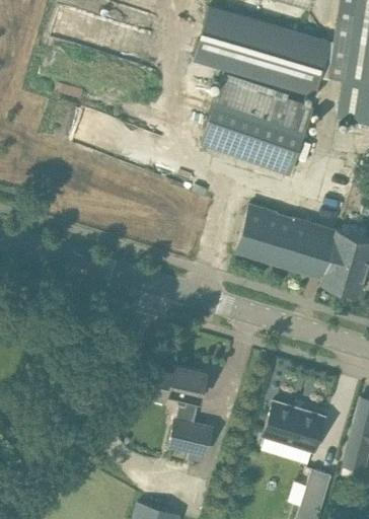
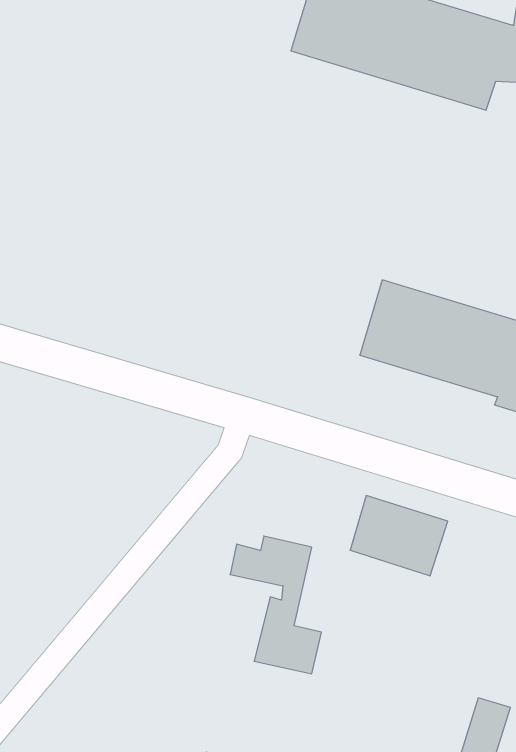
building: [203,75,314,175] -> none
building: [264,401,325,452] -> [350,496,448,576]

